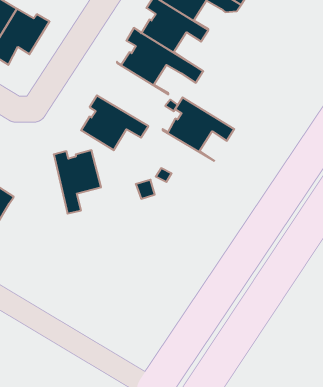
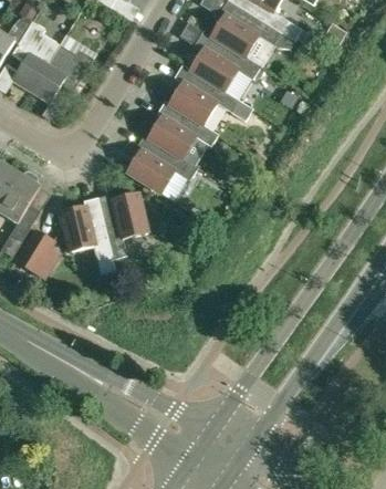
building: [163,97,234,161] -> [143,101,218,167]
building: none -> [59,197,115,274]

